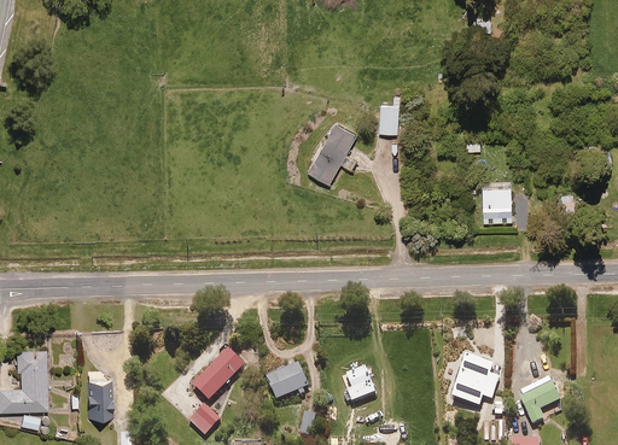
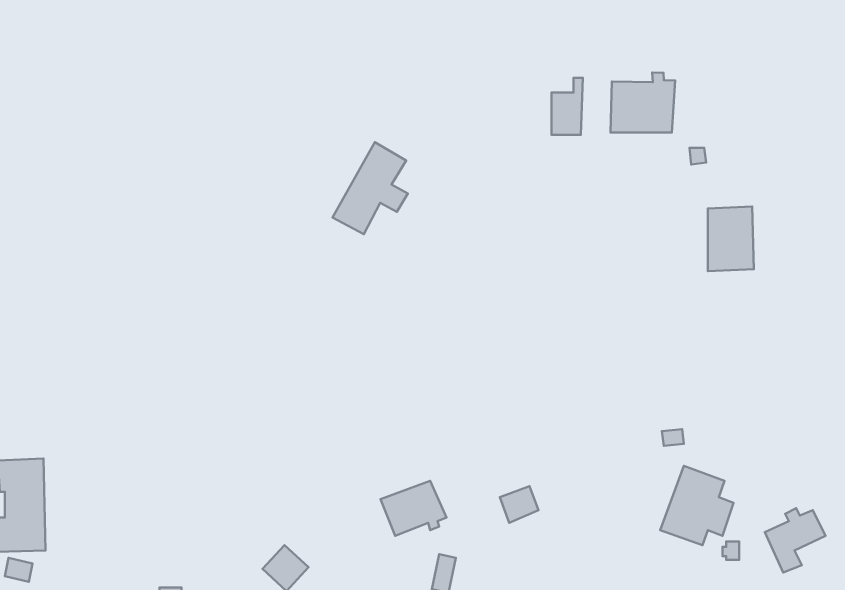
building: none -> [611,72,675,133]
building: [307,125,356,186] -> [332,142,408,234]
building: [193,347,245,399] -> none
building: [86,377,112,422] -> none

